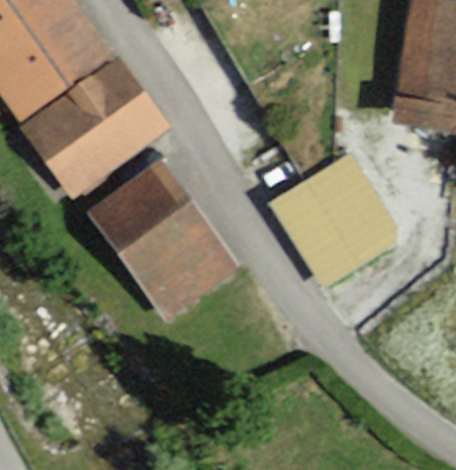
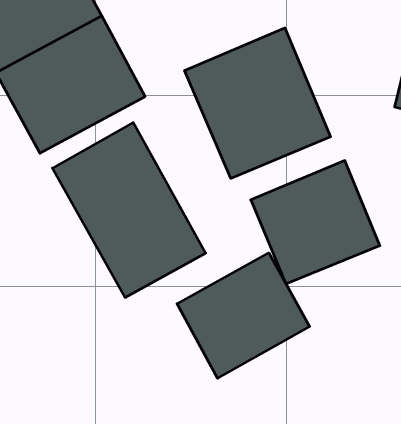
building: none -> [185,28,330,178]
building: none -> [177,253,310,378]

